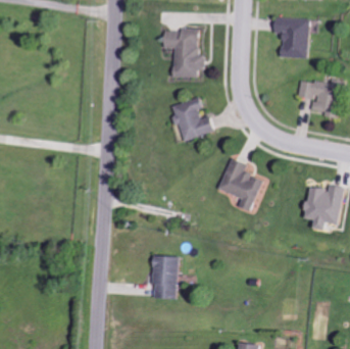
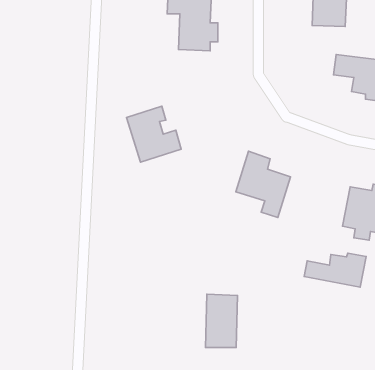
building: [169,96,213,141] -> [126,106,181,162]
building: none -> [304,253,366,287]
building: [152,255,178,298] -> [206,294,237,348]

